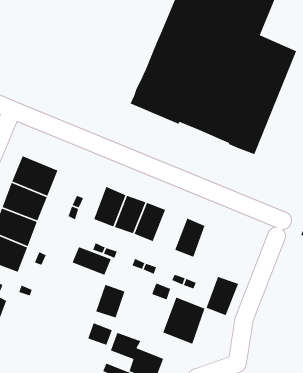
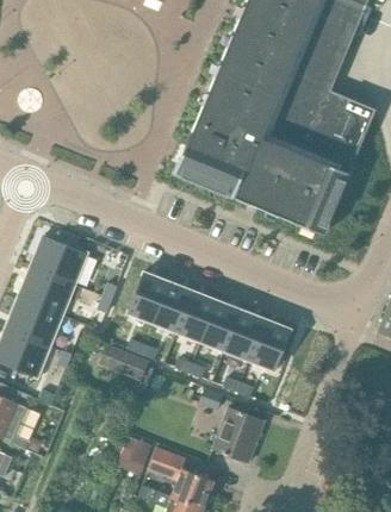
building: none -> [200,300,241,349]
building: [206,276,239,316] -> [249,319,290,368]
building: [95,284,126,318] -> none

